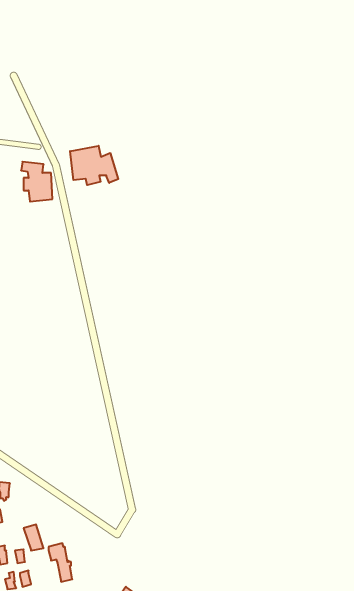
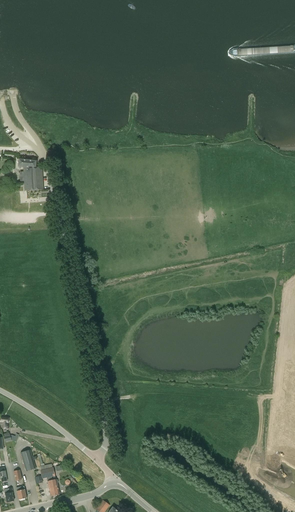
building: [70,146,118,185] -> none

